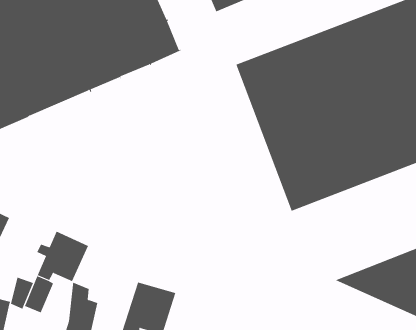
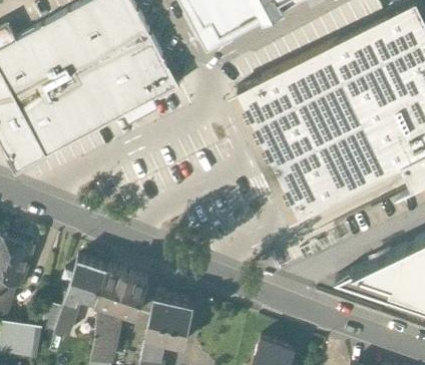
building: none -> [97,269,149,316]

